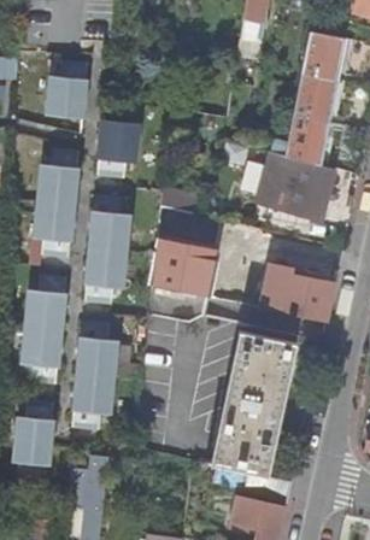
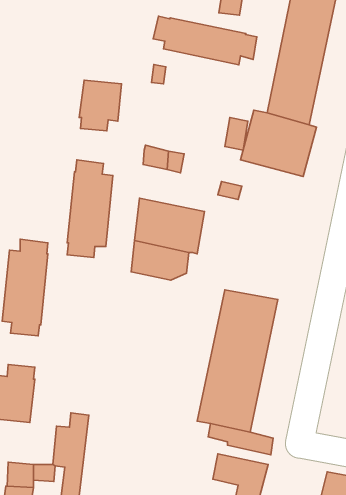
building: none -> [153,16,257,65]
building: [46,69,88,119] -> none
building: [34,157,80,253] -> none
building: [260,264,335,319] -> none
building: [72,329,118,425] -> none

